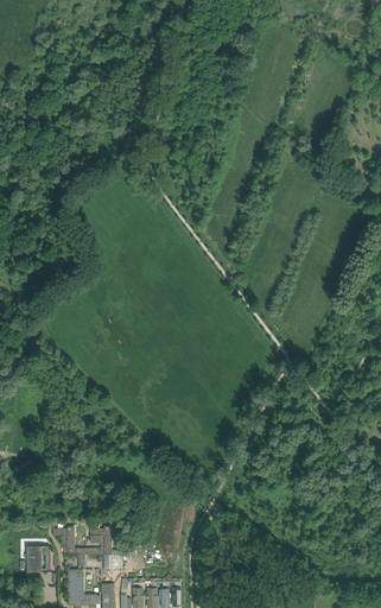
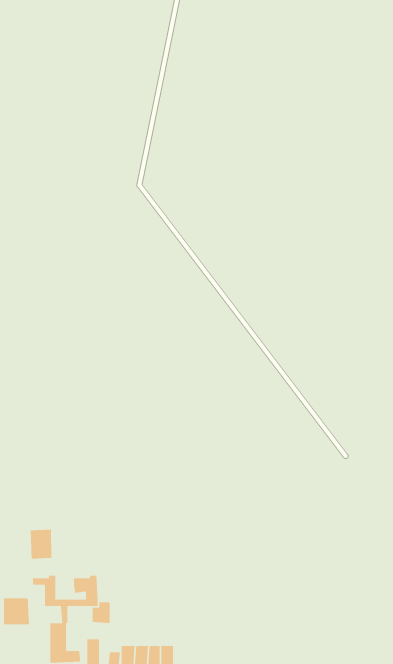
building: none -> [30,529,52,559]

